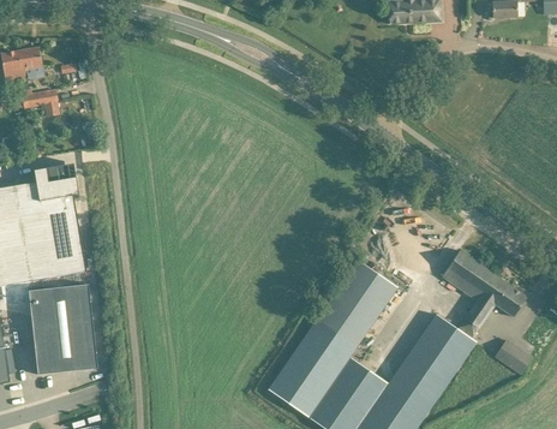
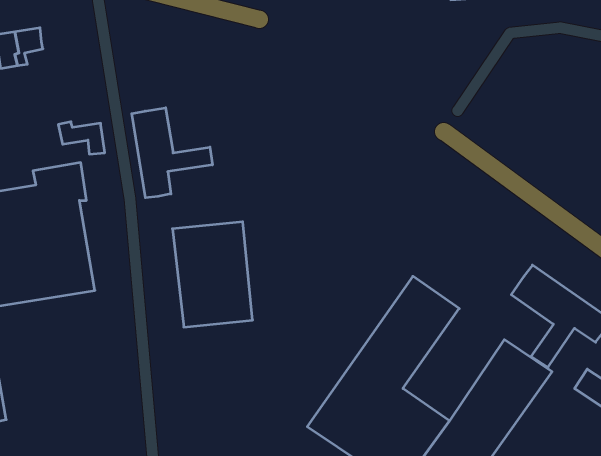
building: [20,88,60,115] -> [58,122,105,154]
building: none -> [132,108,212,198]
building: [29,284,97,374] -> [172,222,253,327]

